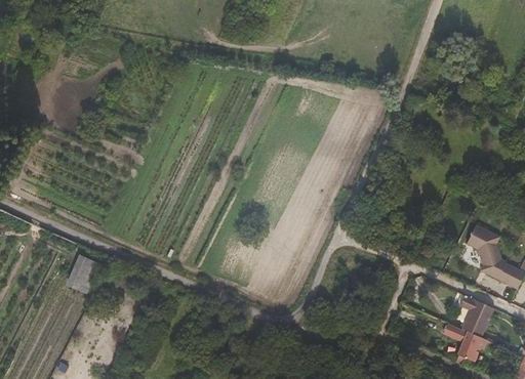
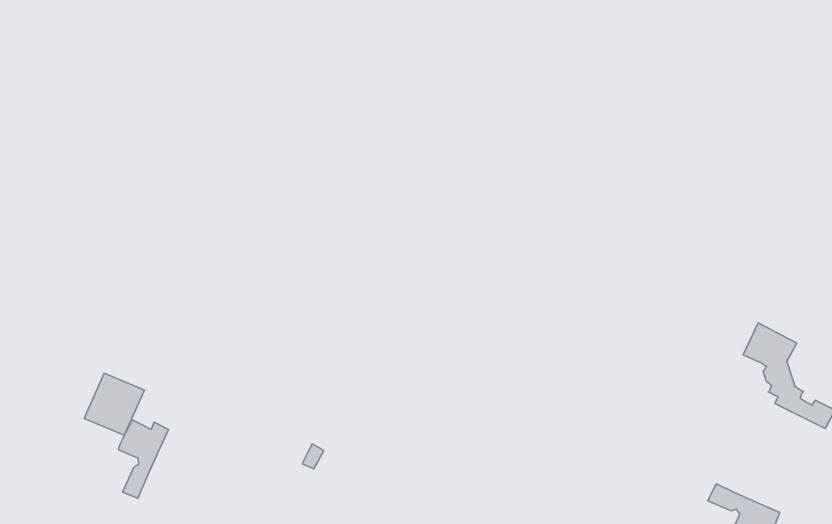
building: none -> [118,420,169,498]
building: [461,296,494,337] -> none

